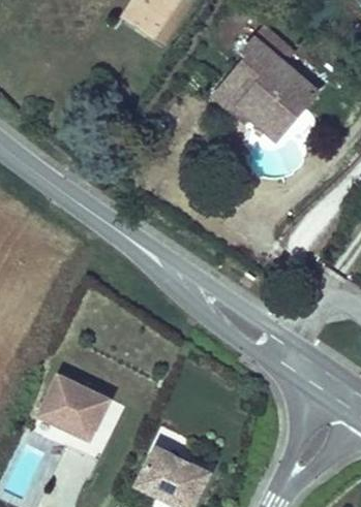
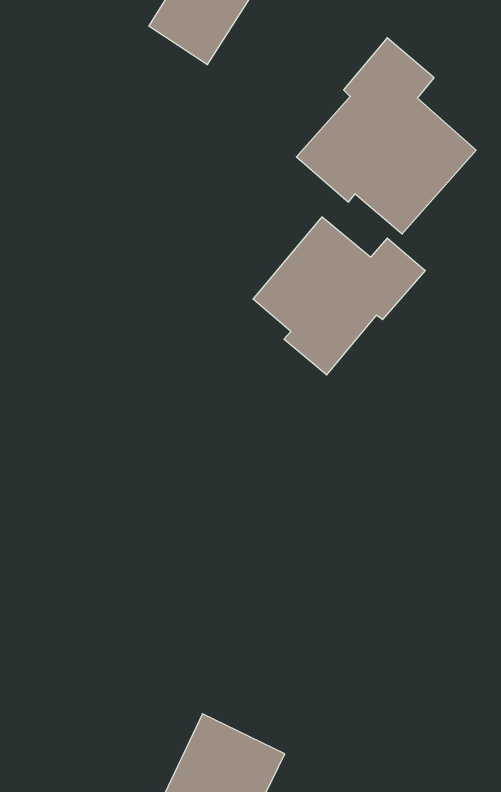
building: none -> [253,217,425,375]
building: [39,362,116,433] -> none

